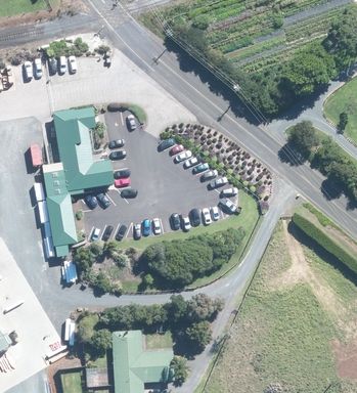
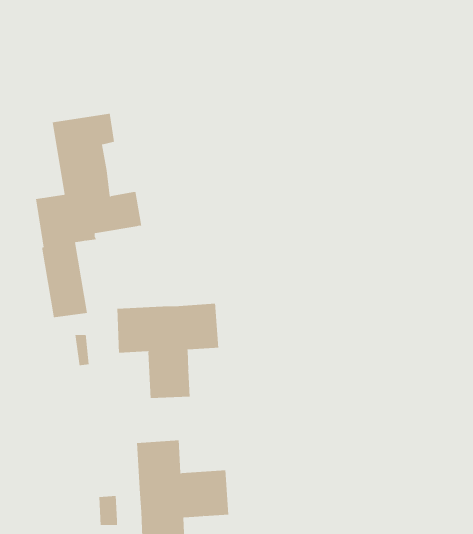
building: none -> [117,303,219,399]

